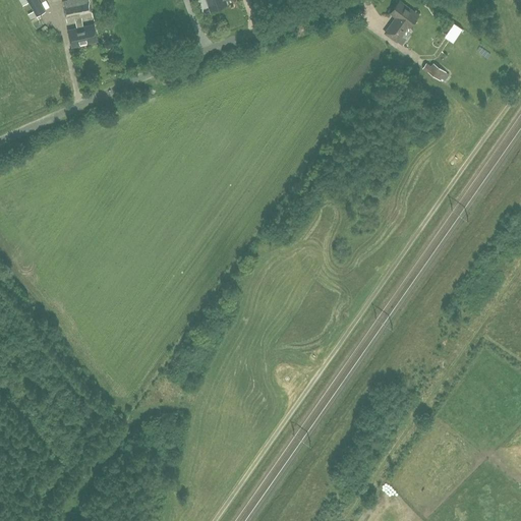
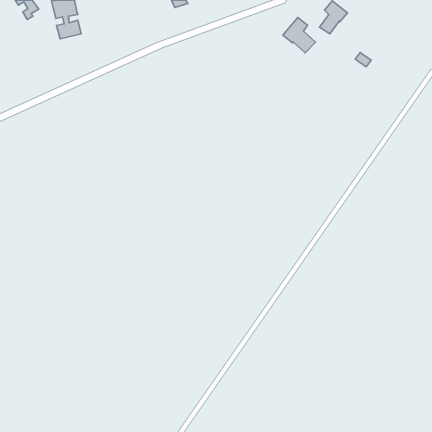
building: none -> [283,17,315,53]

